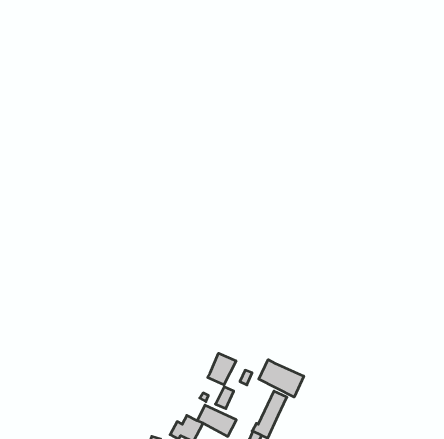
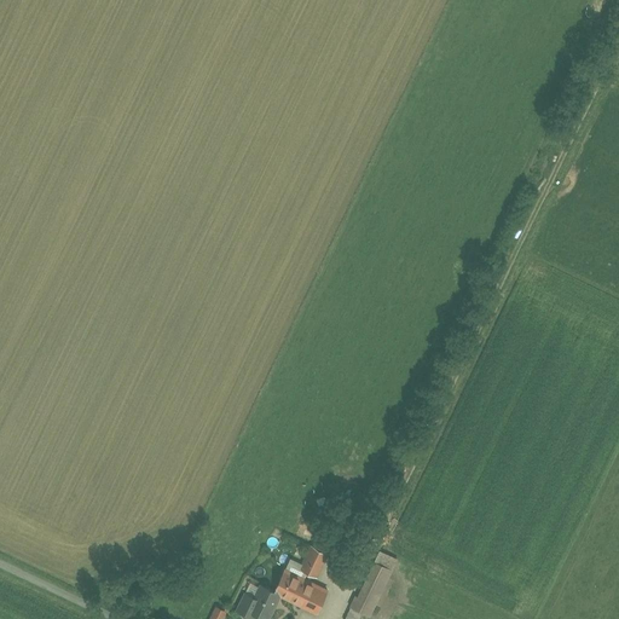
building: [208,353,236,385] -> none
building: [259,360,304,397] -> none

